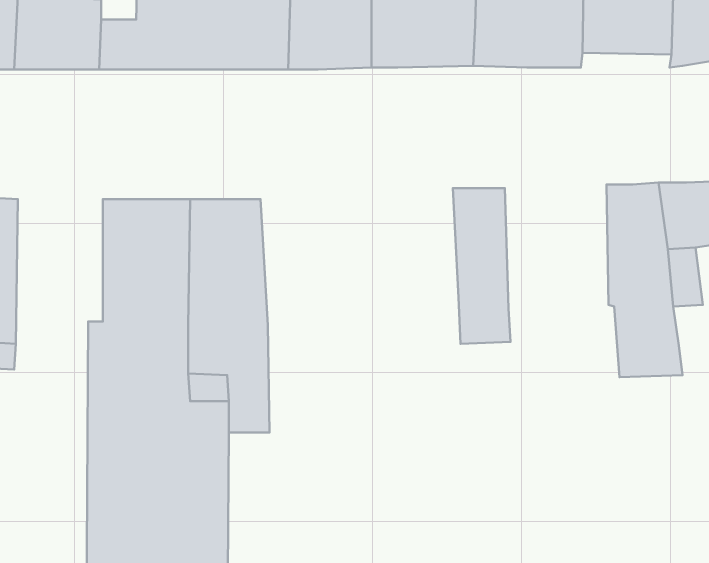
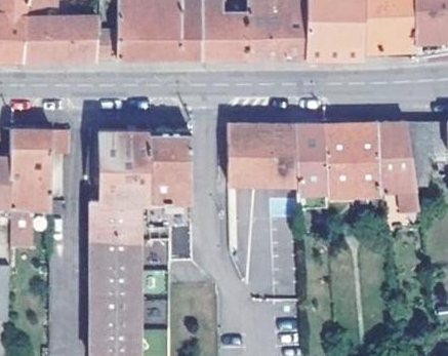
building: none -> [321,122,378,191]
building: none -> [227,123,295,185]

